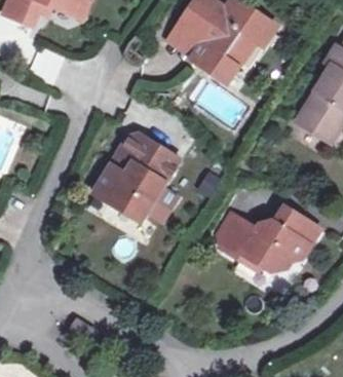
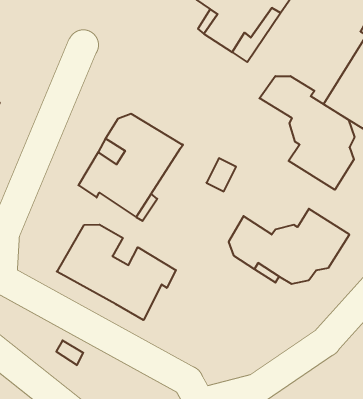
building: none -> [259,76,354,190]
building: none -> [57,225,176,320]

